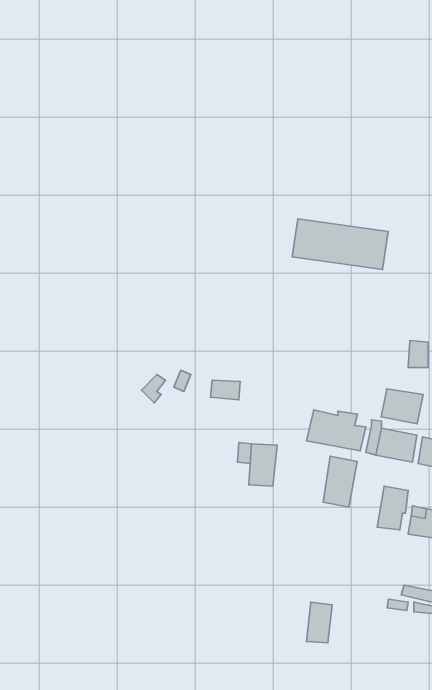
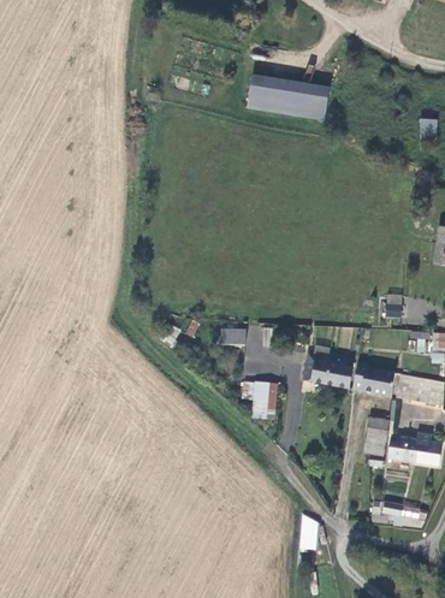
building: [292,219,388,270] -> [249,77,331,120]
building: [381,389,423,424] -> none
building: [323,456,357,507] -> none

